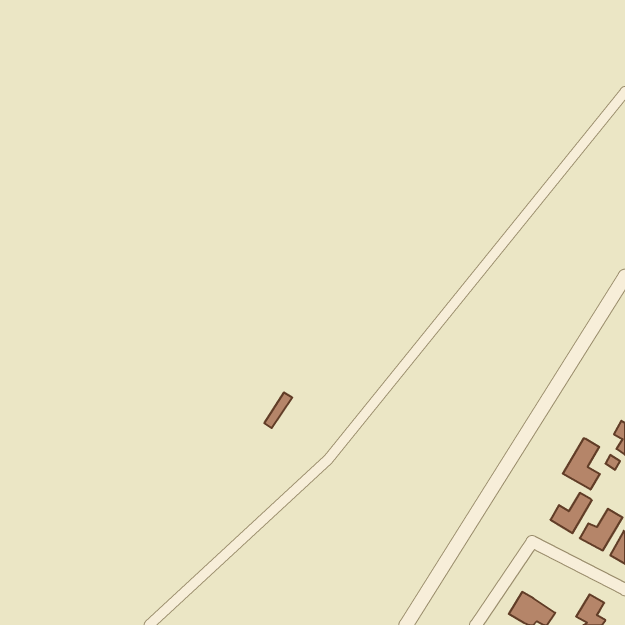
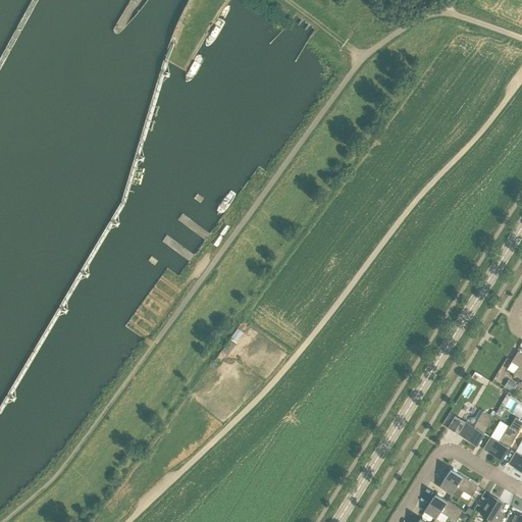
building: [563,438,600,490] -> none
building: none -> [439,468,478,498]

